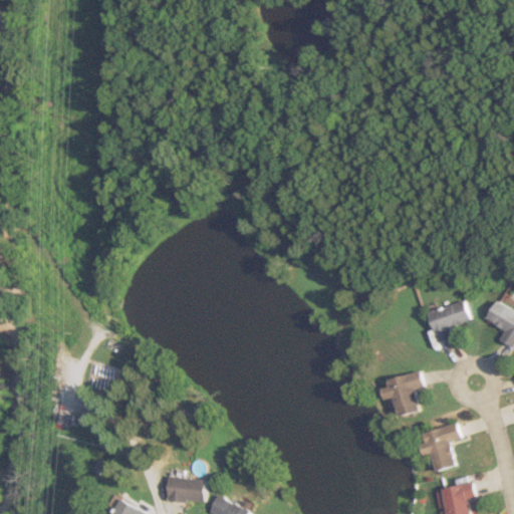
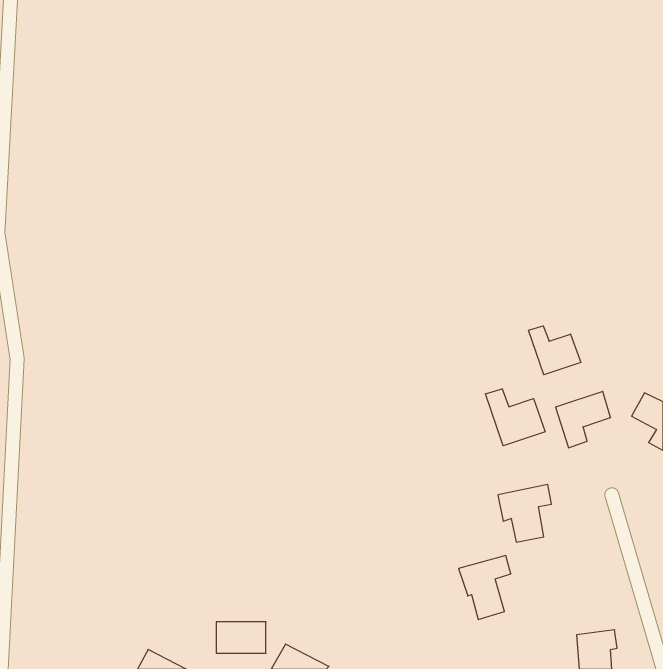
building: none -> [529,326,581,375]
building: none -> [485,389,545,446]
building: [418,423,458,472] -> [459,555,511,620]

